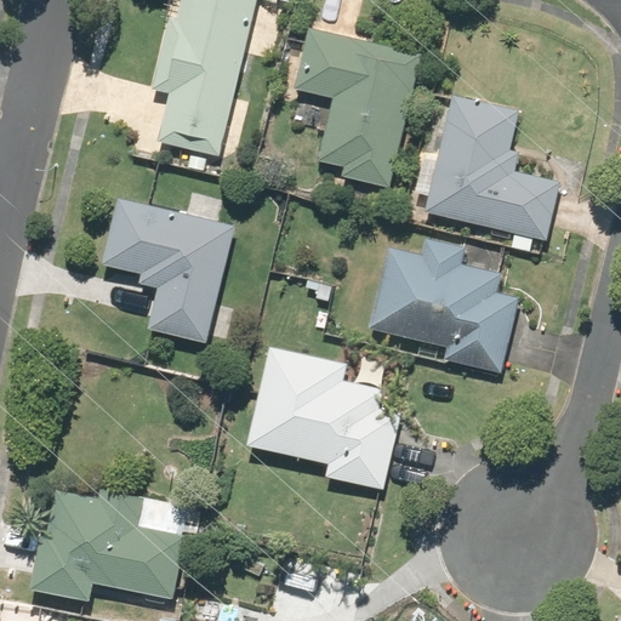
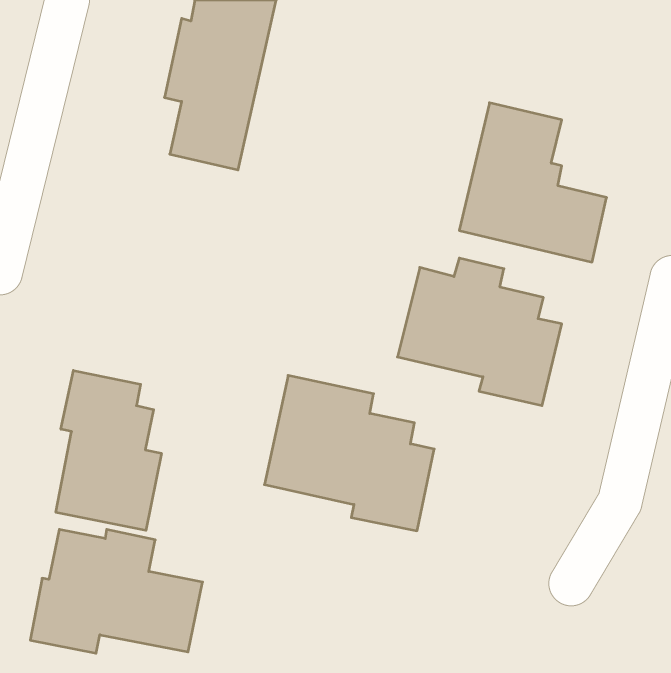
building: [294,28,421,189] -> none
building: [102,198,235,344] -> none
building: none -> [56,370,161,530]

